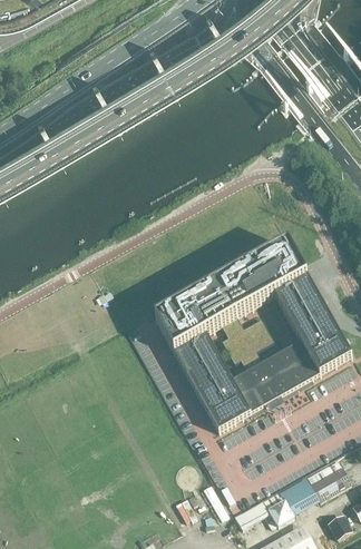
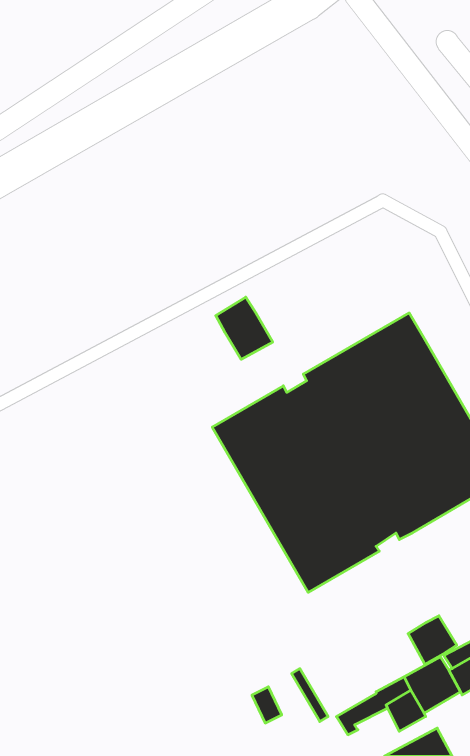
building: none -> [216,297,273,359]
building: none -> [408,616,457,664]

